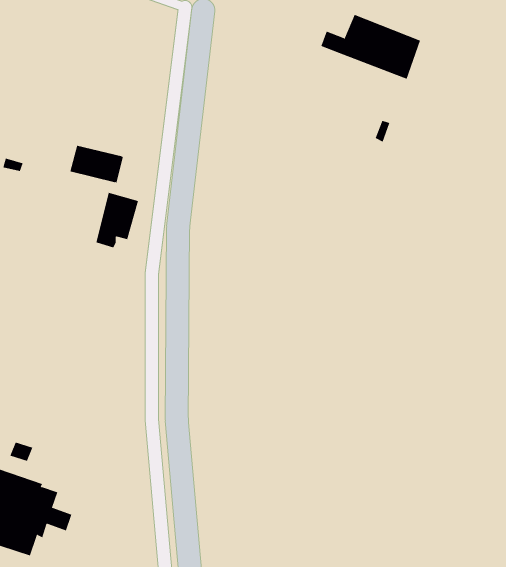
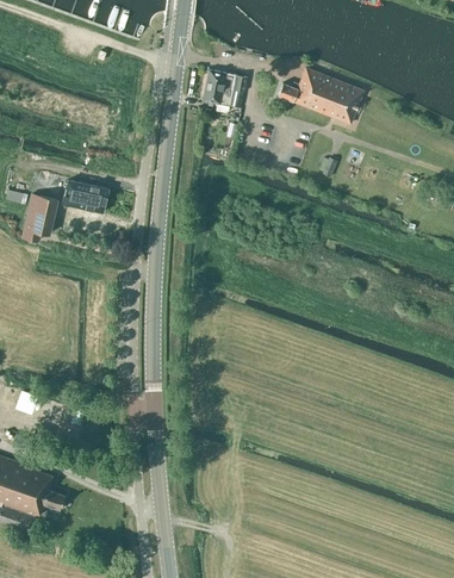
building: none -> [201,70,247,108]
building: [96,192,139,248] -> [20,192,57,240]

